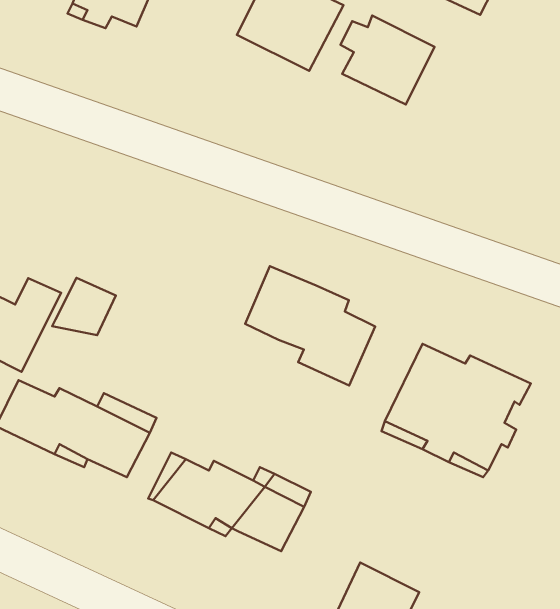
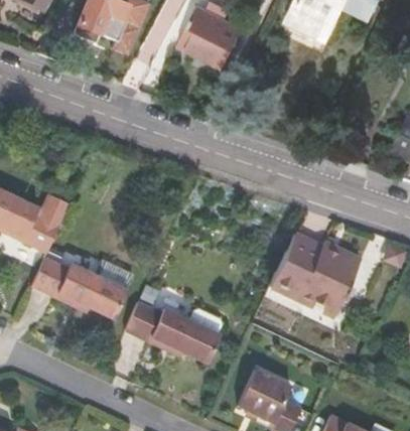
building: [340,16,434,104] -> none
building: [245,266,375,386] -> none
building: [52,278,116,335] -> none

